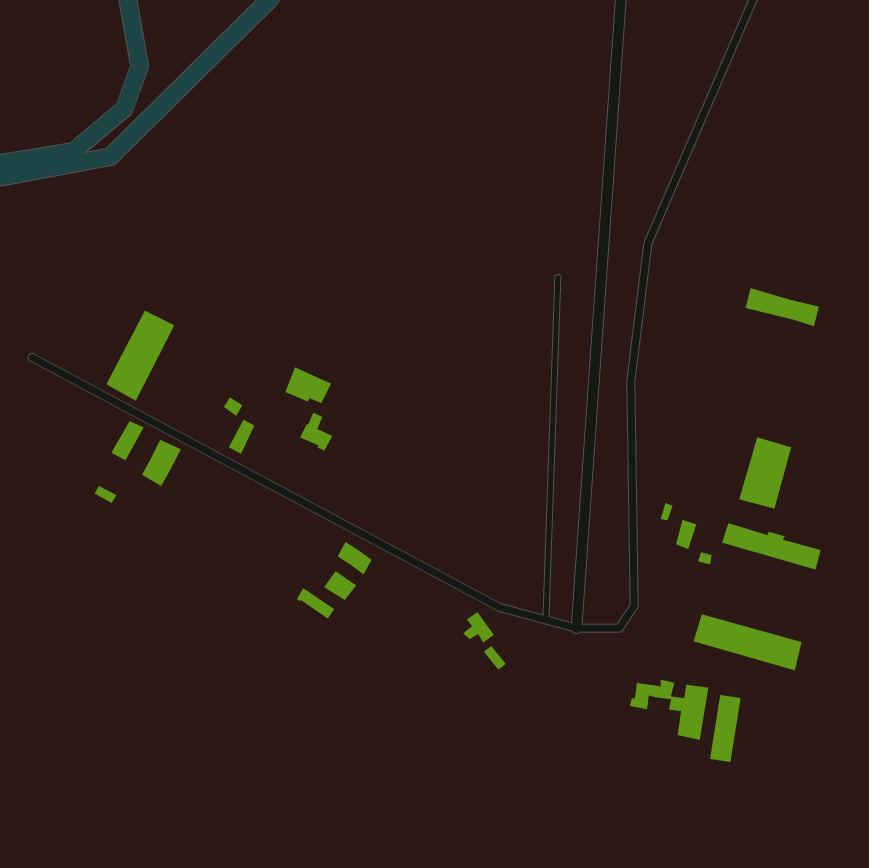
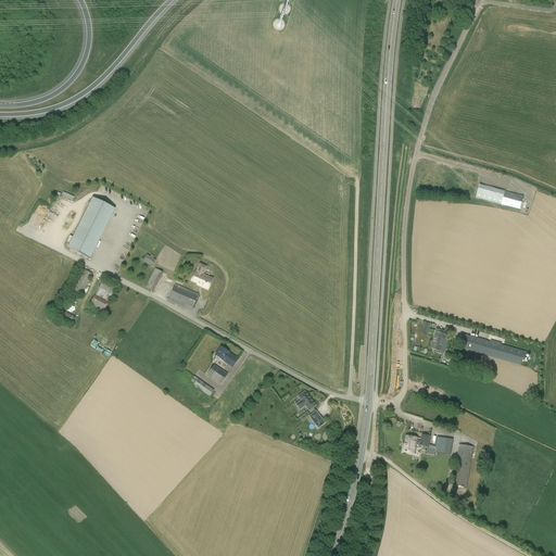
building: [284,367,332,404] -> [168,282,199,306]
building: [739,436,792,509] -> none
building: [693,613,802,671] -> none

